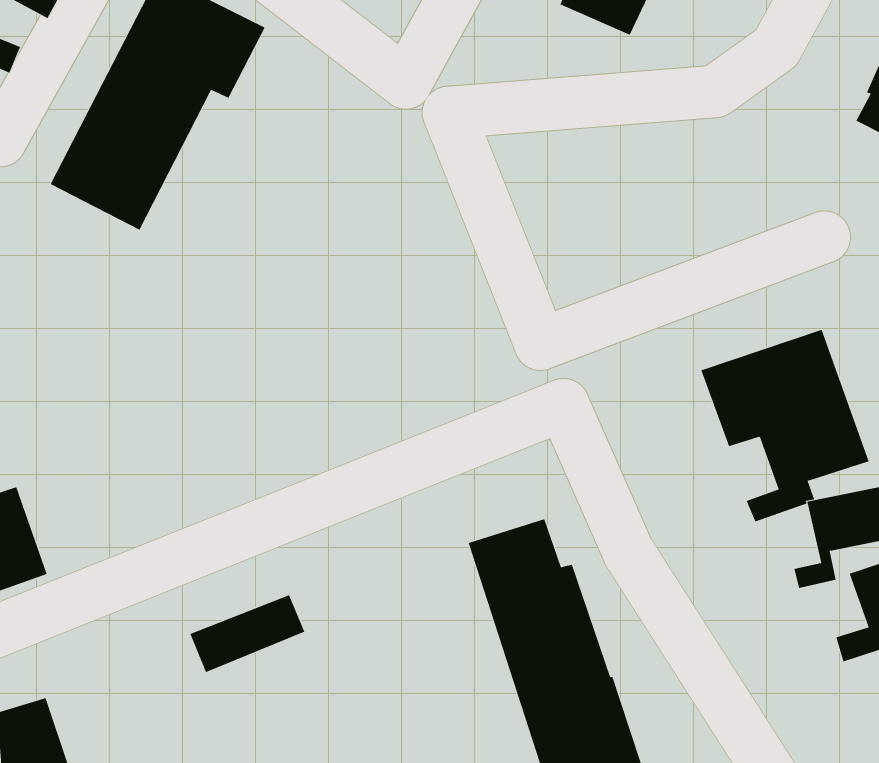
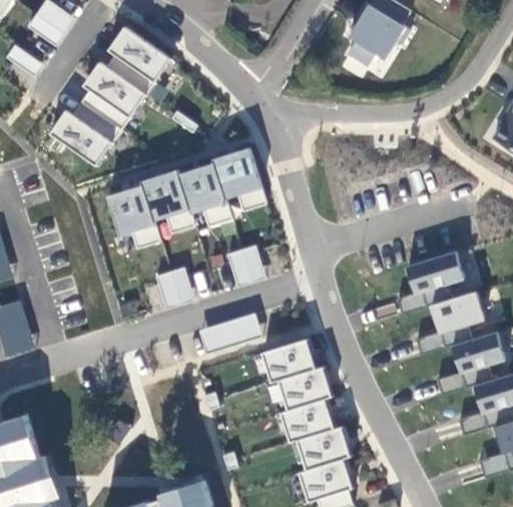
building: none -> [104,151,267,248]
building: none -> [226,244,266,287]
building: none -> [156,267,194,308]
building: [190,595,305,673] -> [198,313,262,352]

